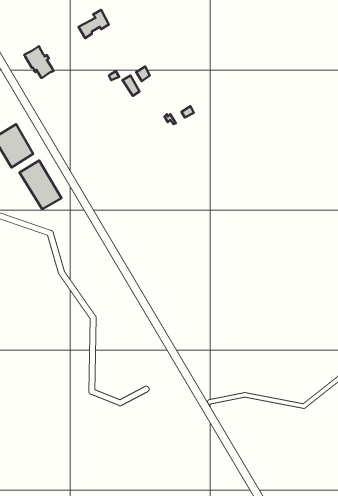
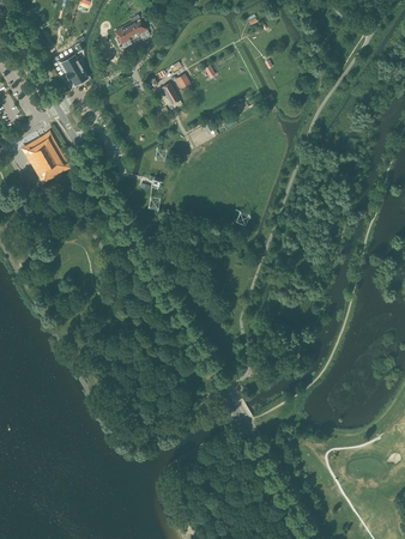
building: [19,160,62,209] -> none

